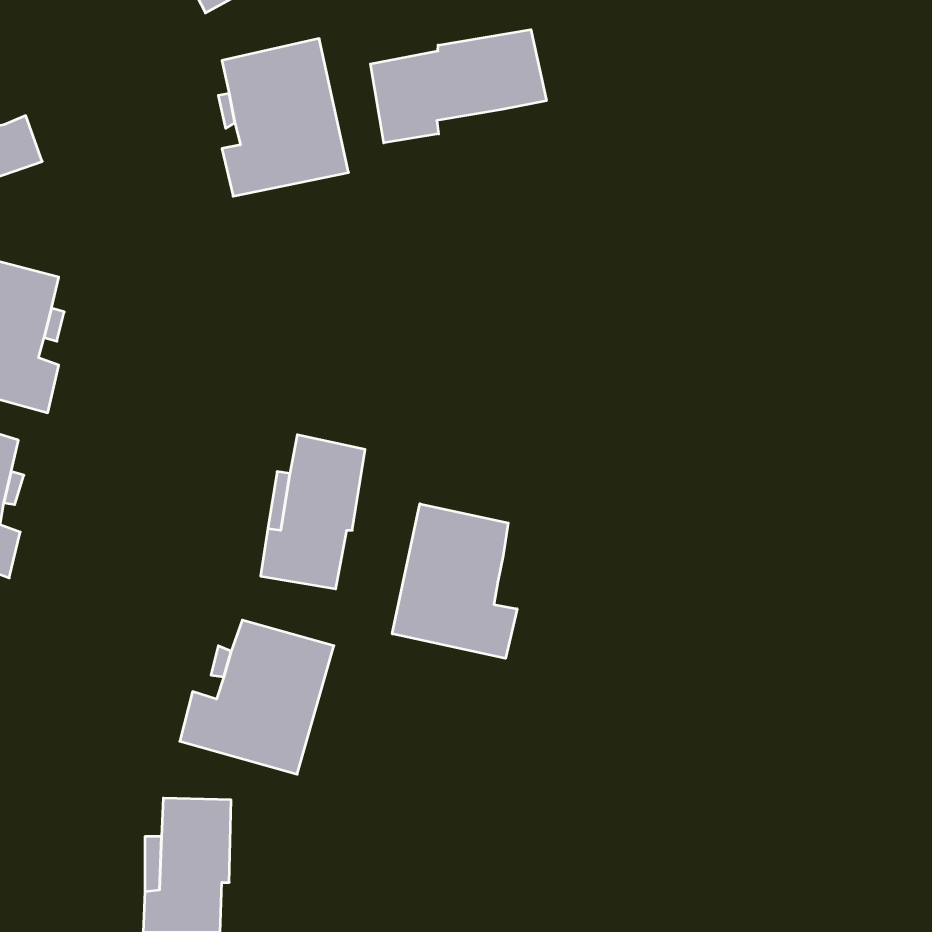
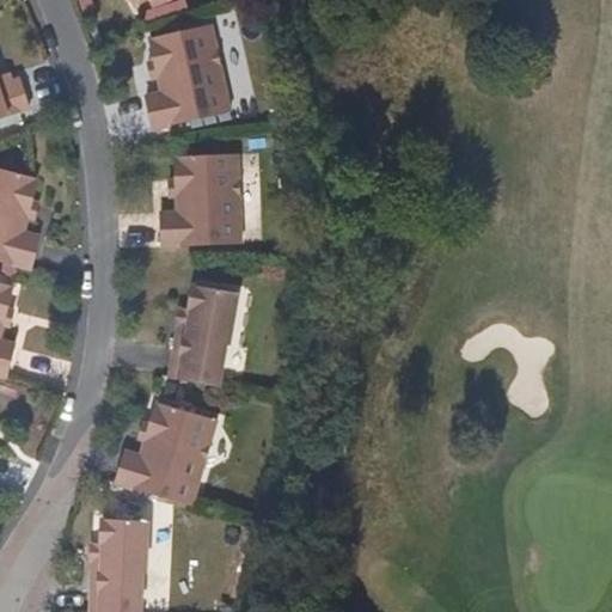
building: [370,30,546,143] -> none
building: none -> [161,151,241,247]
building: [392,504,517,658] -> none

